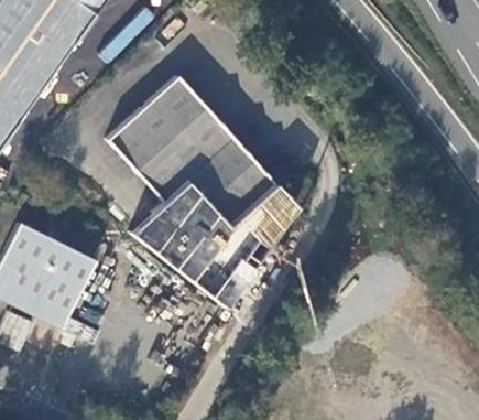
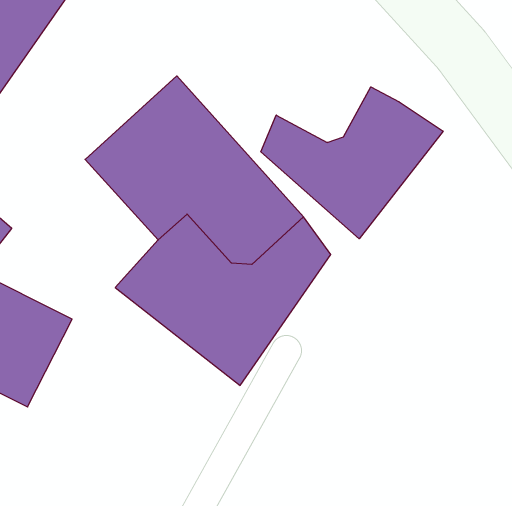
building: none -> [261,87,443,239]

